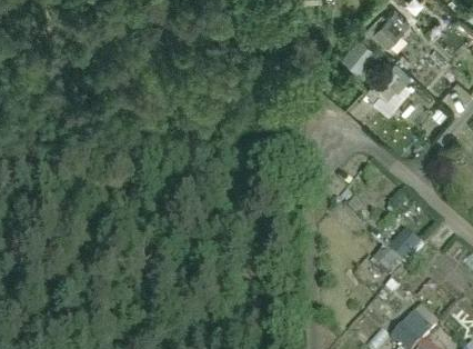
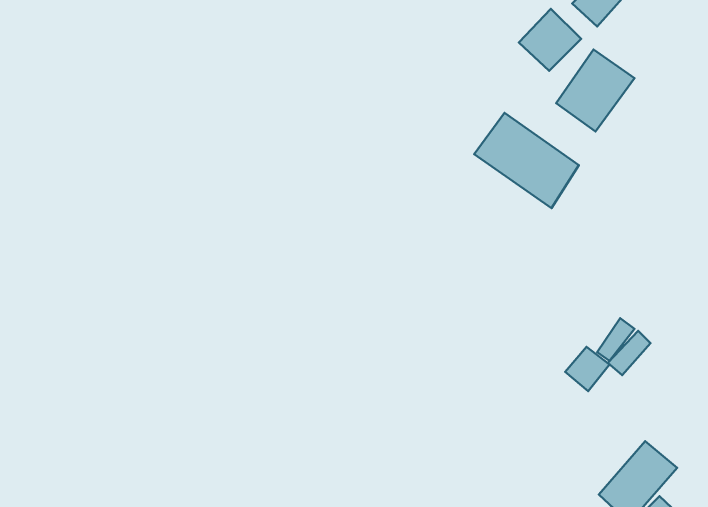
building: none -> [474,113,579,208]

